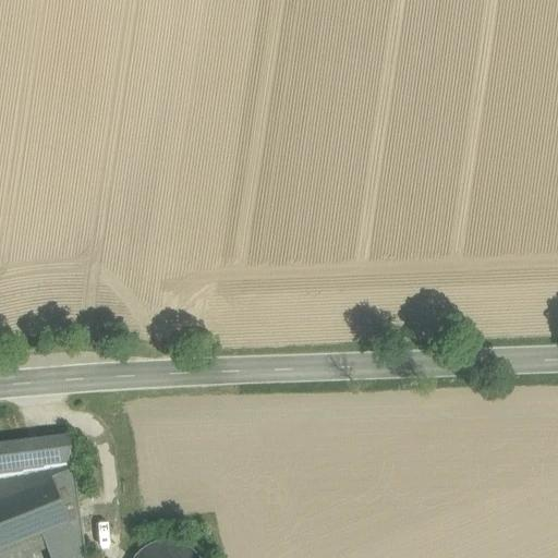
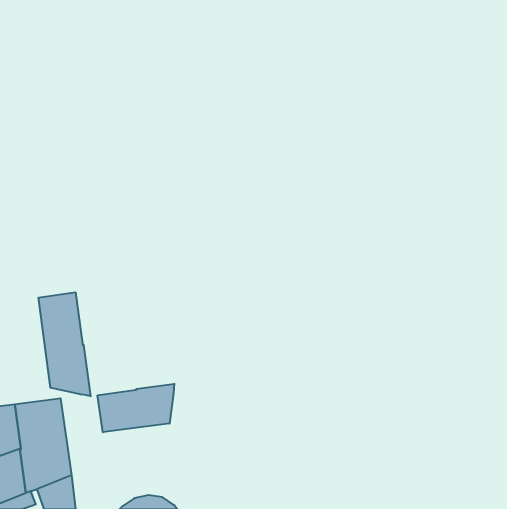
building: none -> [39,292,91,396]
building: none -> [98,384,174,432]

